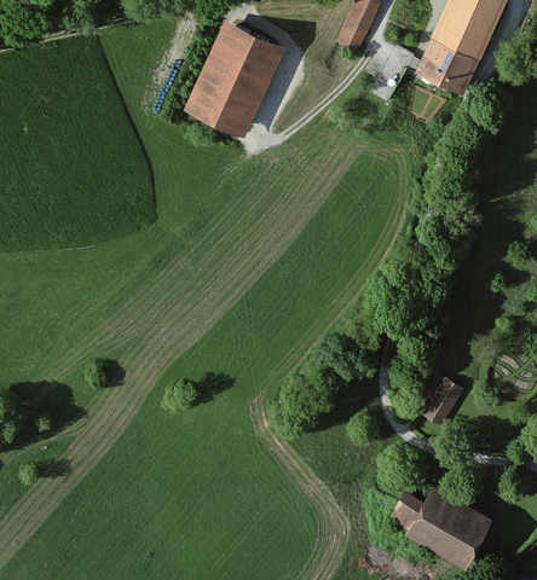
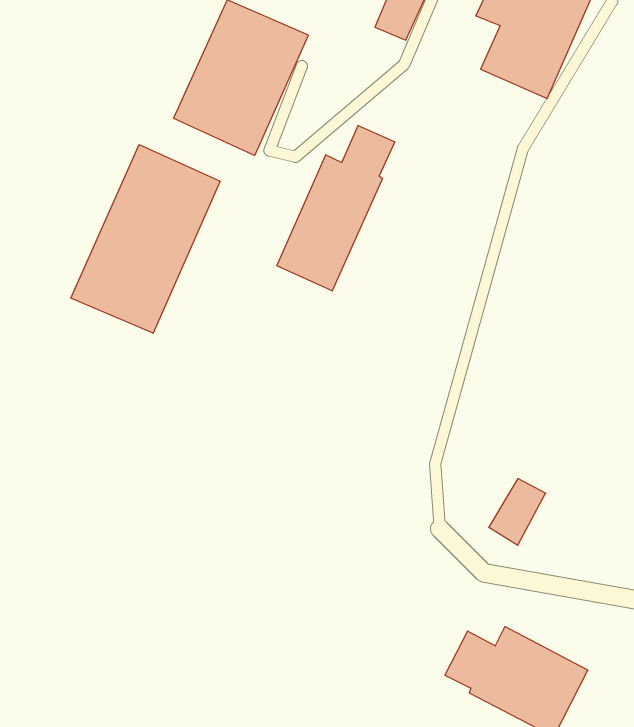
building: none -> [277,125,395,291]
building: none -> [71,145,220,333]

